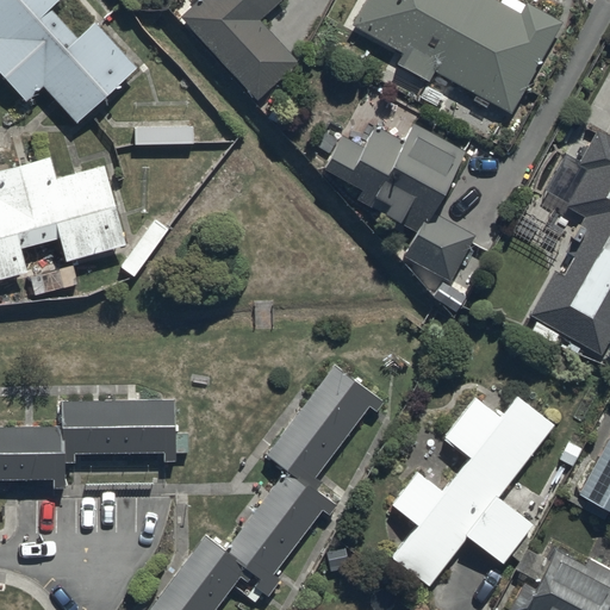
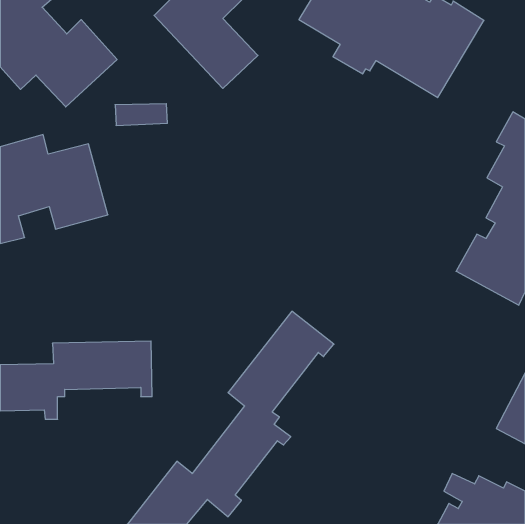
building: [324,125,478,281] -> none
building: [388,397,552,587] -> none

